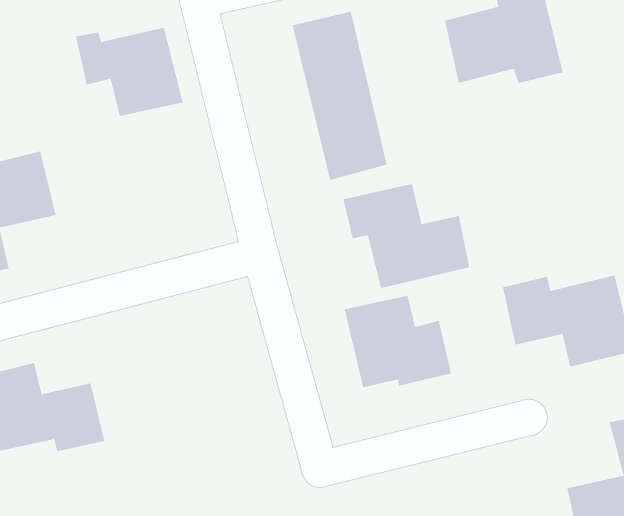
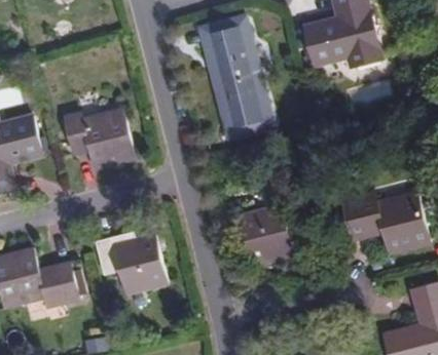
building: [75,27,183,117] -> [65,109,136,167]
building: [343,183,470,289] -> none
building: none -> [96,233,168,294]

